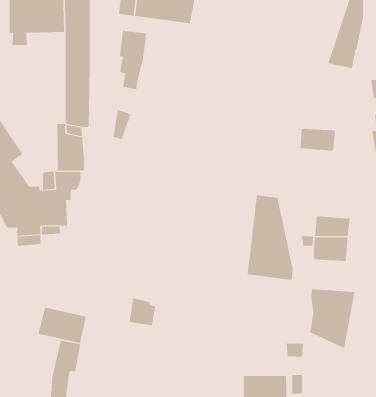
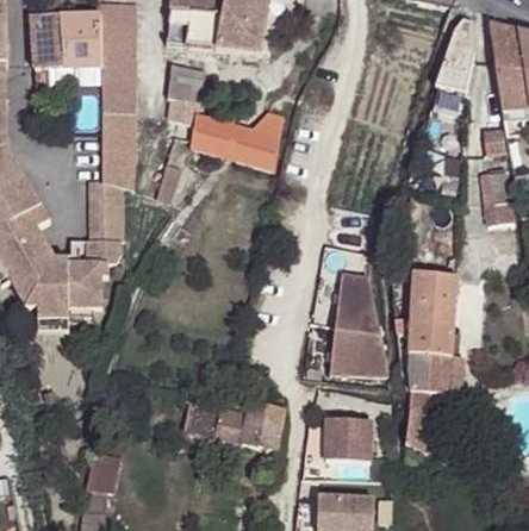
building: none -> [191,101,282,170]
building: [300,128,336,151] -> [415,270,460,299]
building: none -> [409,350,466,391]
building: none -> [210,399,281,445]
building: [38,307,87,344] -> none
building: none -> [329,418,374,460]

